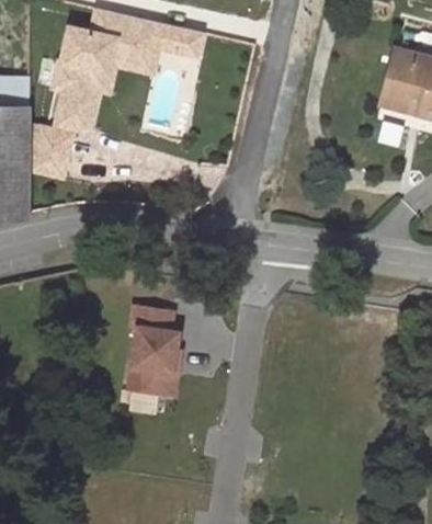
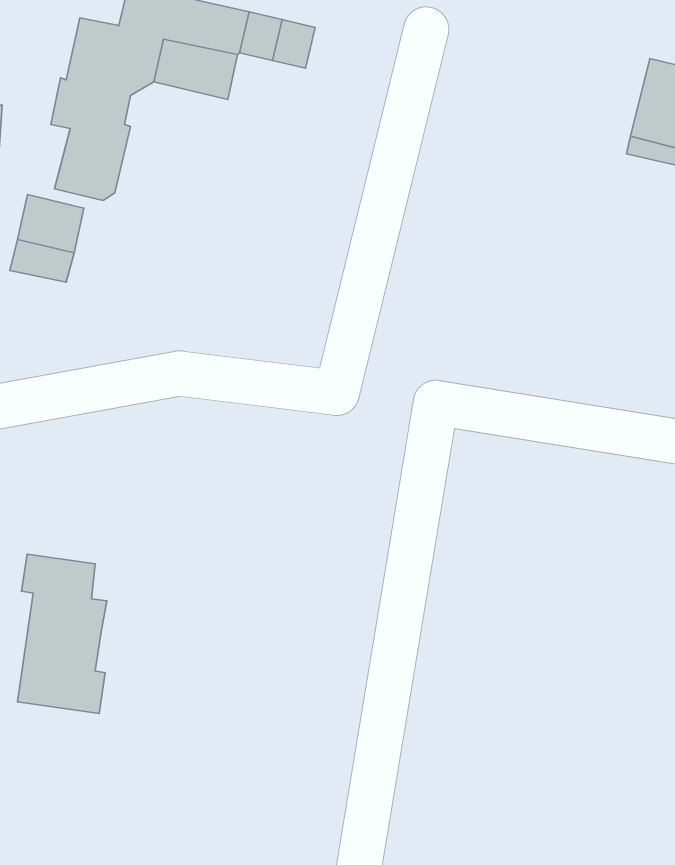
building: [127,304,178,394] -> [17,554,107,714]

